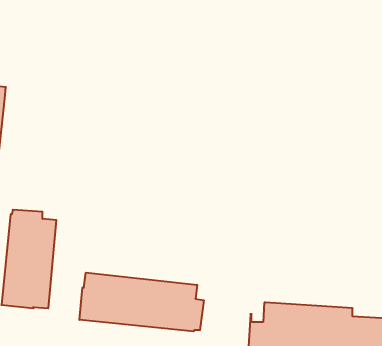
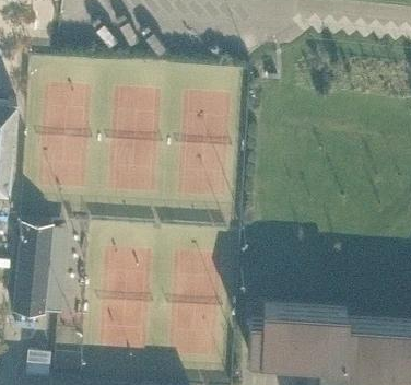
building: [79,273,204,331] -> none

